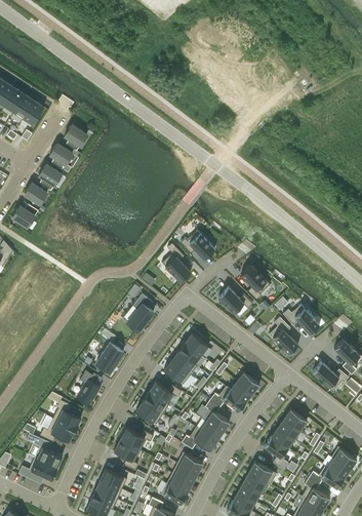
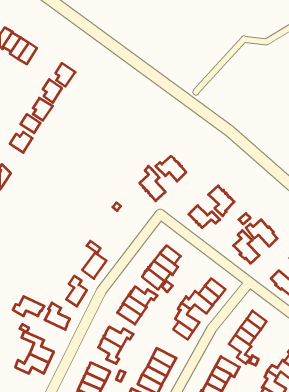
building: [127,293,154,331] -> none
building: [40,419,76,441] -> [13,296,44,316]
building: [182,426,216,451] -> none

